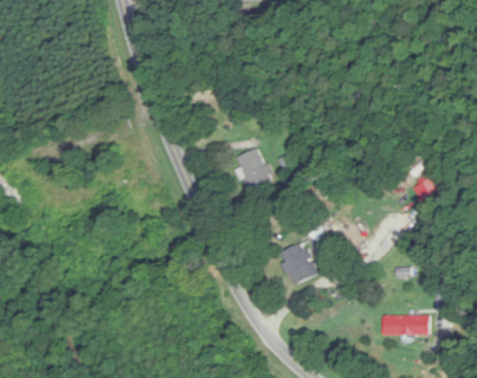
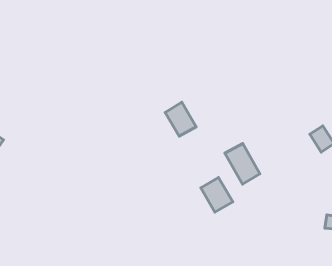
building: none -> [225,144,260,184]
building: [381,315,427,334] -> none

